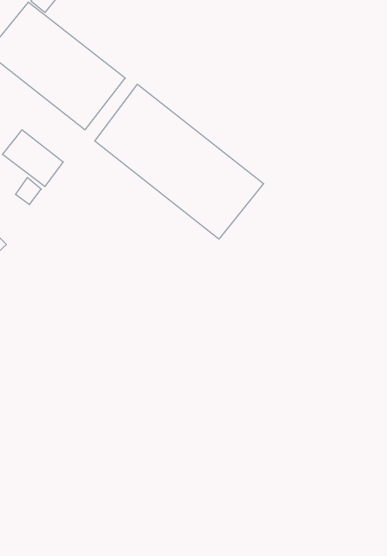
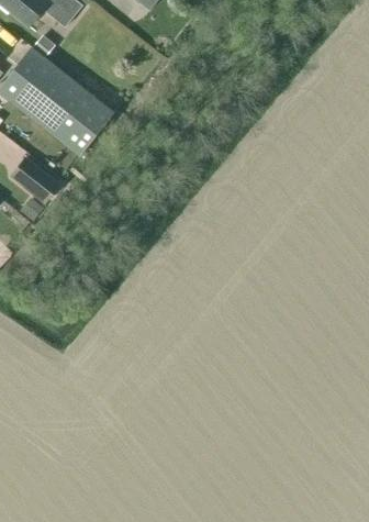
building: [95,84,264,239] -> none

